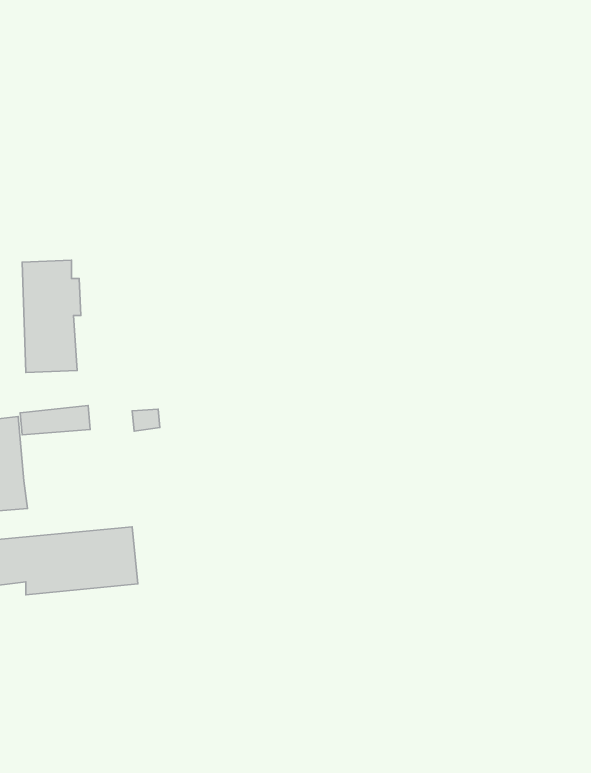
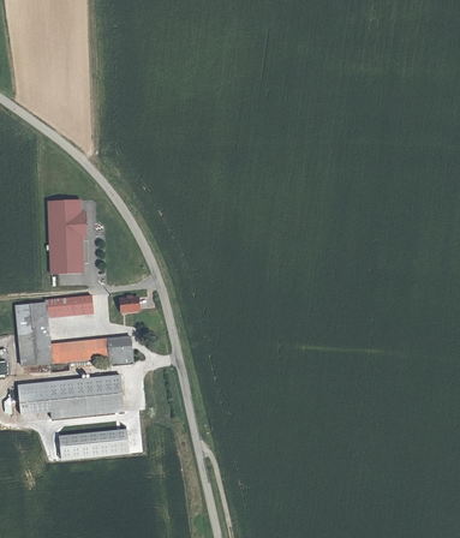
building: none -> [49,336,132,363]
building: none -> [58,430,126,461]

